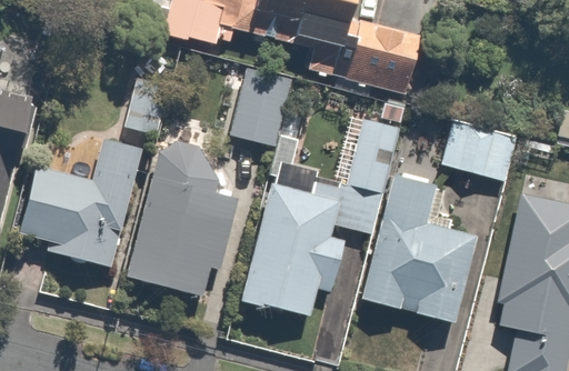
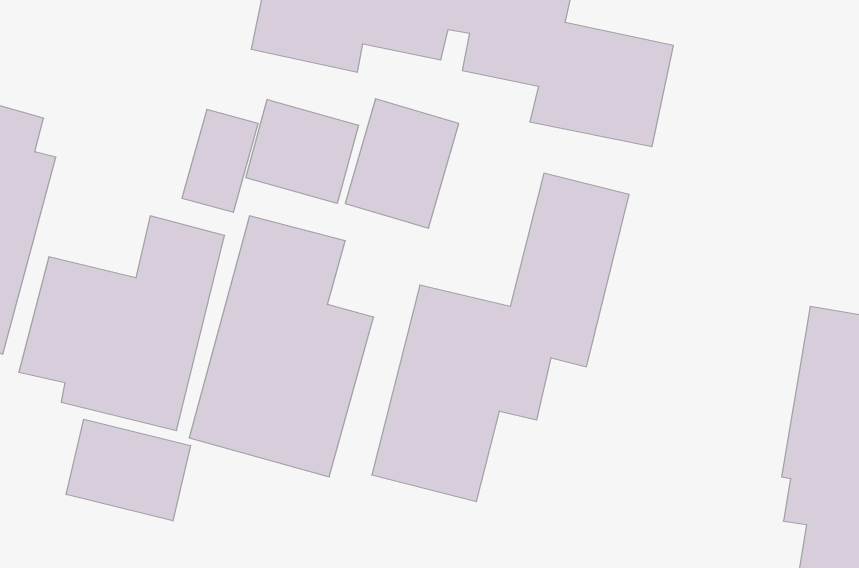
building: none -> [246,99,359,203]
building: [439,120,518,182] -> none
building: [360,174,477,327] -> none
building: none -> [66,419,191,521]

